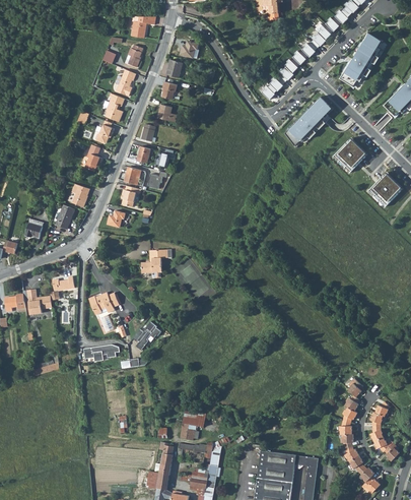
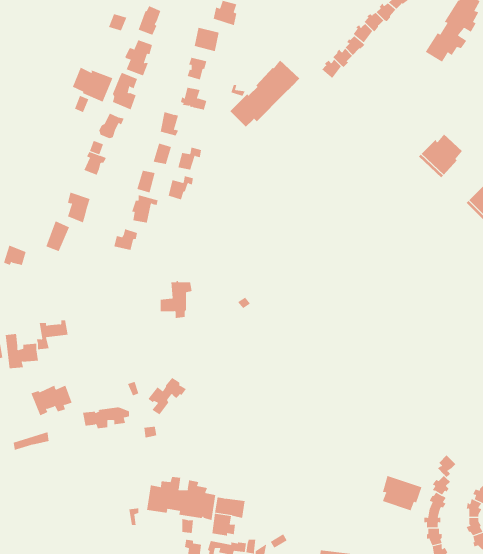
building: none -> [72,67,113,103]
building: [282,98,335,148] -> [230,60,300,128]
building: [87,292,119,315] -> [30,385,73,416]
building: none -> [382,475,422,511]
building: none -> [146,476,216,521]

